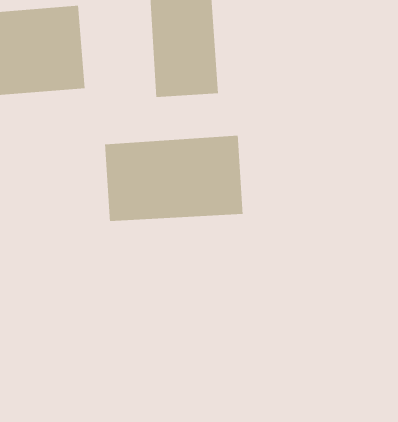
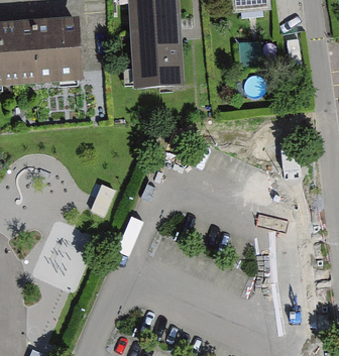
building: [105,135,243,222] -> none

